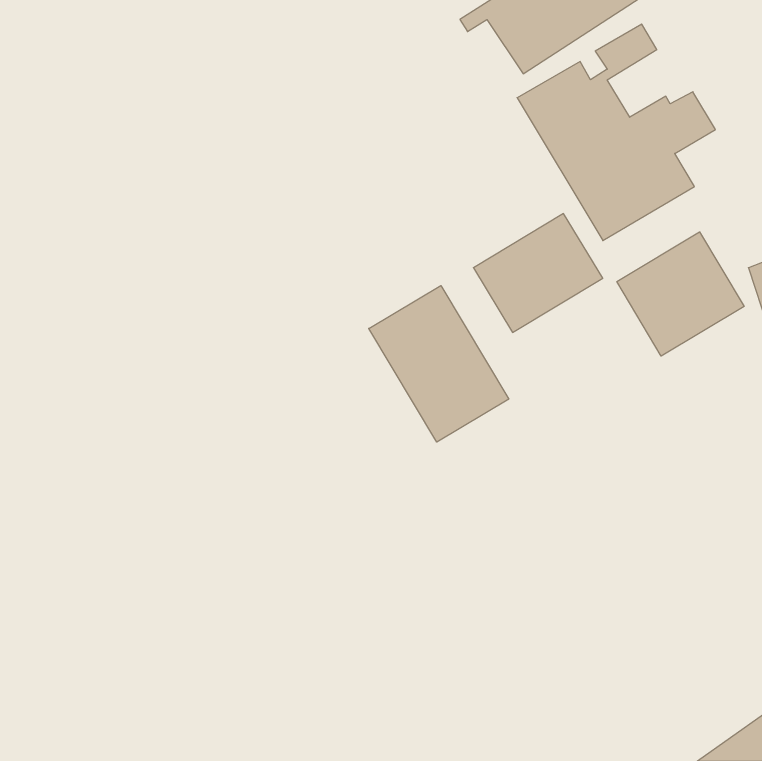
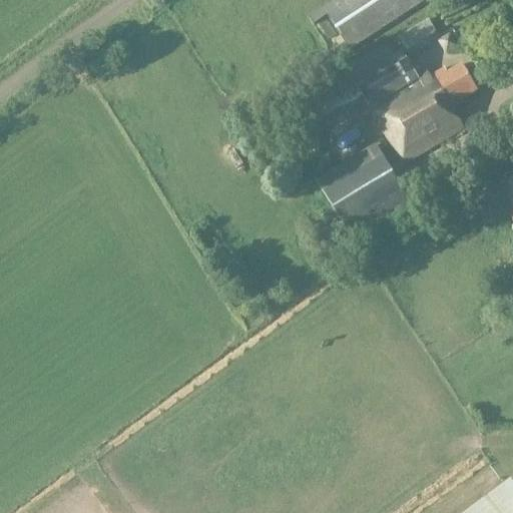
building: [617,232,744,356] -> none
building: [369,286,509,442] -> none

